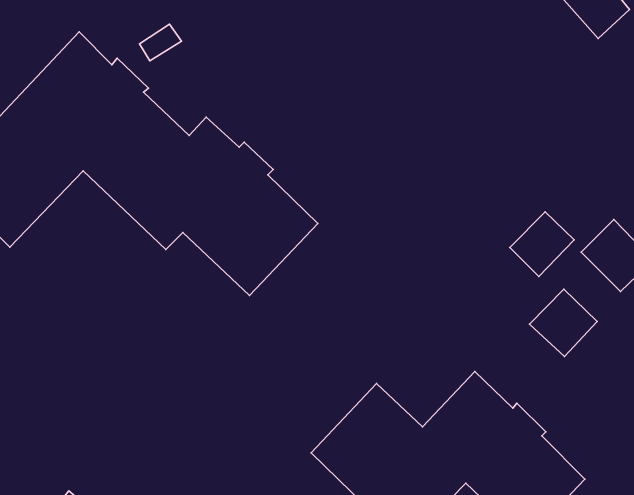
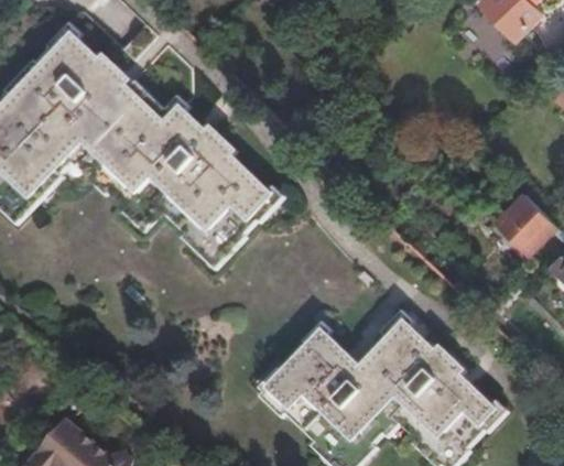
building: [510,212,574,276] -> none
building: [530,289,597,357] -> none

